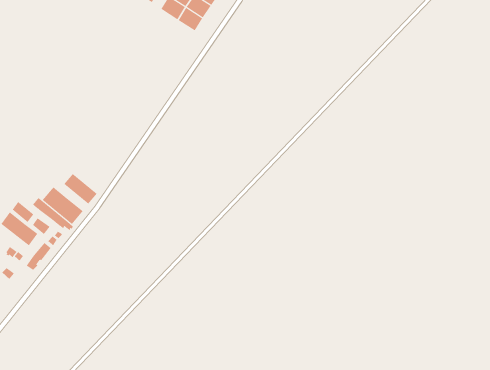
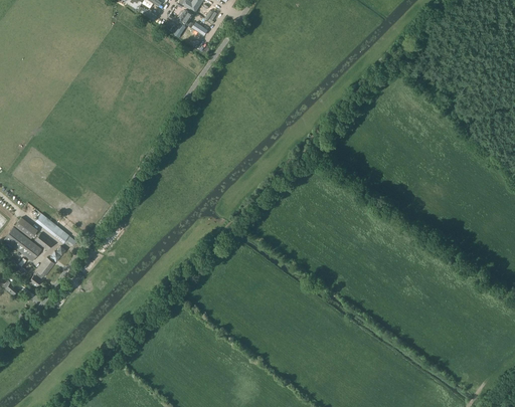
building: [63,173,98,204] -> none
building: [42,187,84,225] -> none

